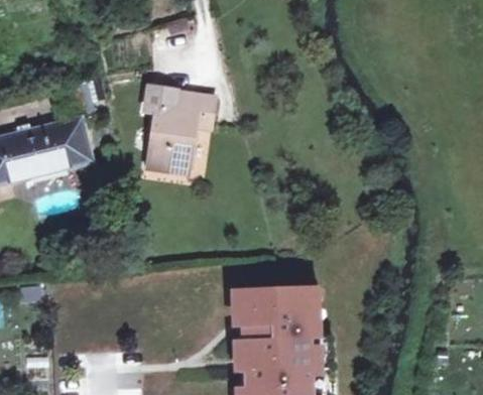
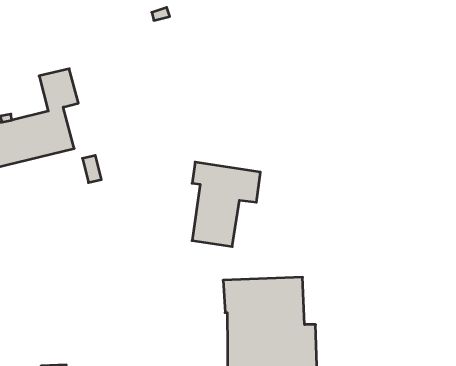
building: [142,89,211,173] -> [192,162,260,247]

